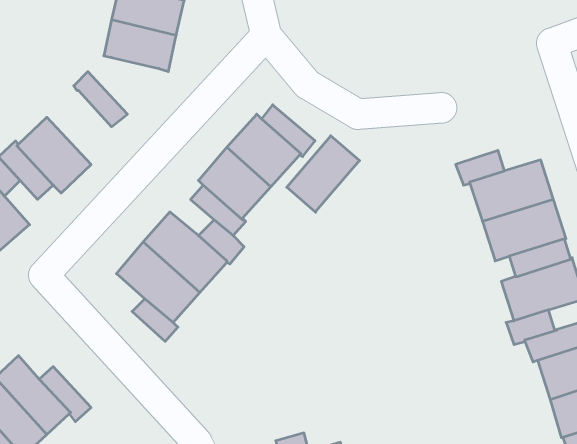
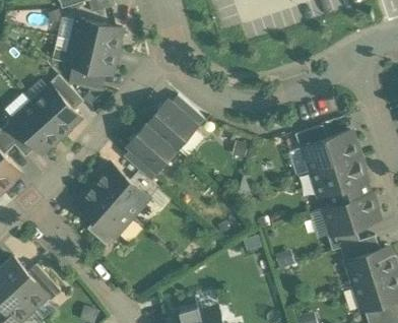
building: none -> [71,66,105,89]
building: none -> [32,87,80,135]
building: [287,136,360,212] -> none

